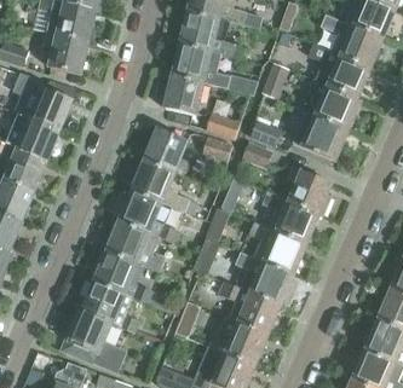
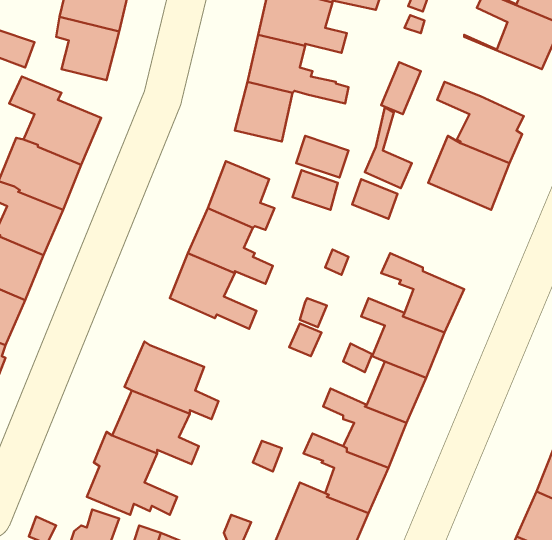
building: [304,45,369,98] -> none
building: [286,166,330,215] -> none
building: [106,220,165,271] -> none

